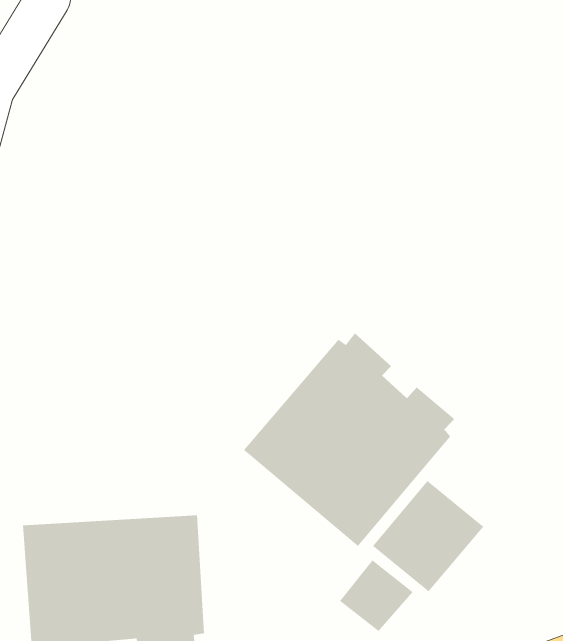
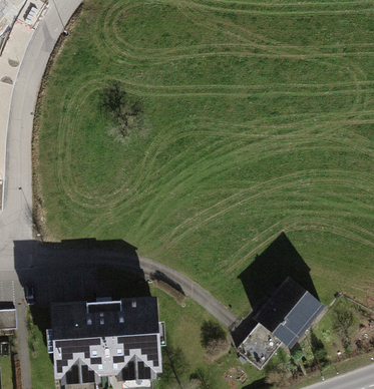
building: [243,332,455,547] -> none

